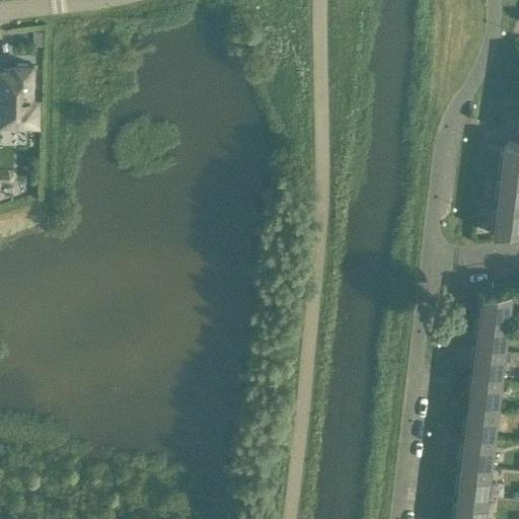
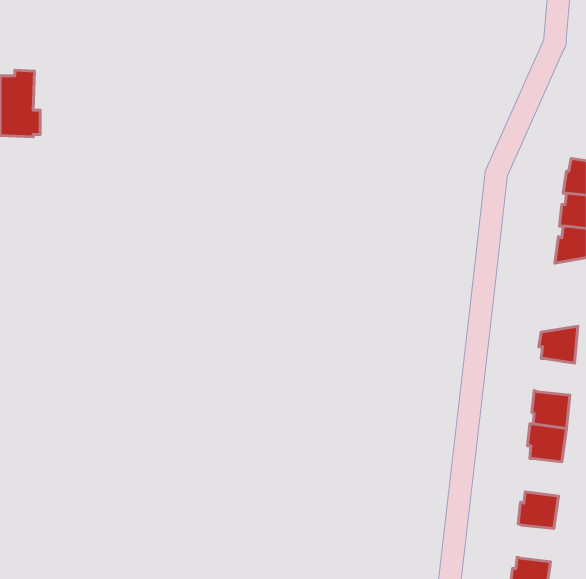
building: [473,323,508,356] -> none
building: [461,412,497,445] -> none
building: [455,470,490,503] -> none

